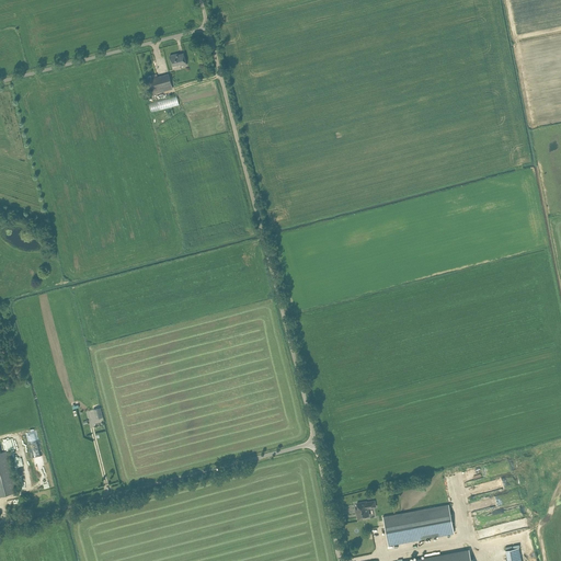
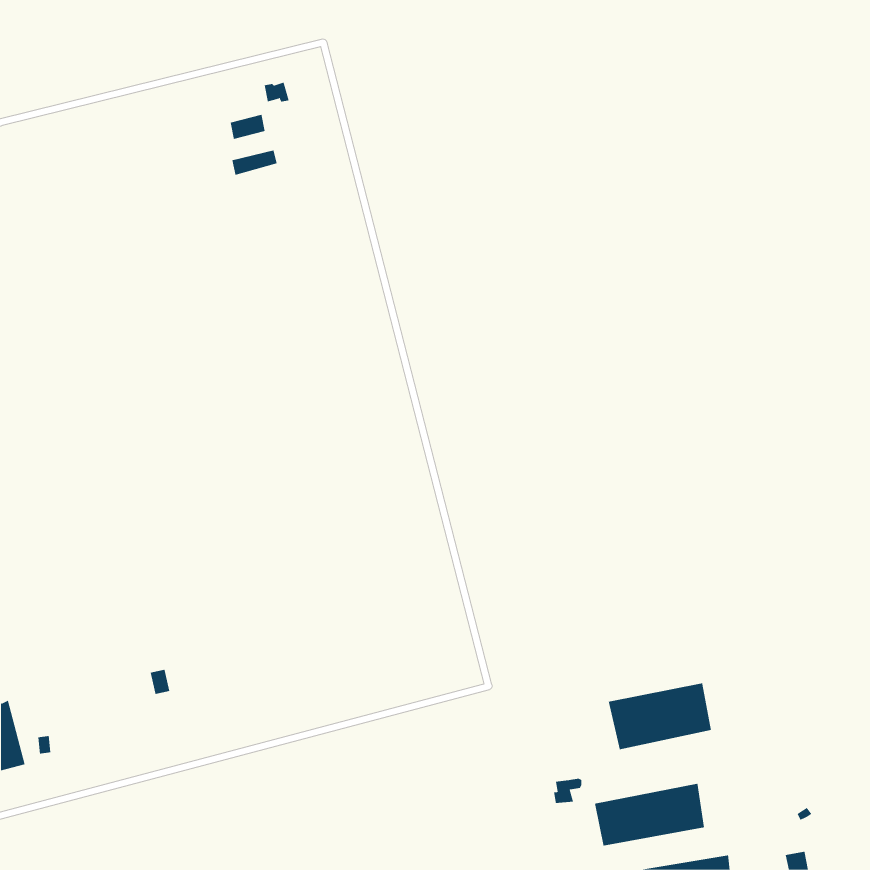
building: none -> [608,683,712,750]

